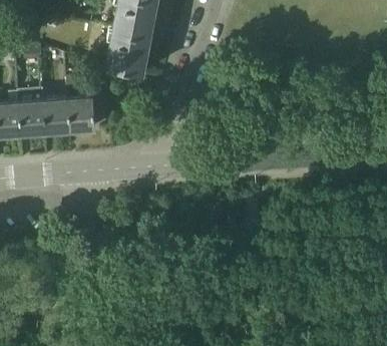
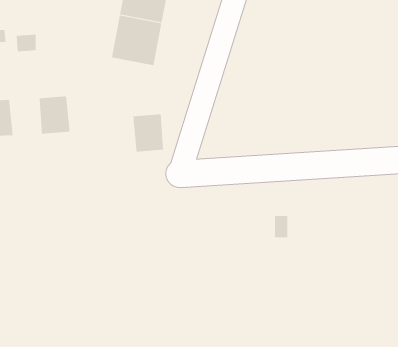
building: [19,92,46,136] -> none
building: [68,100,95,133] -> [132,114,164,152]

